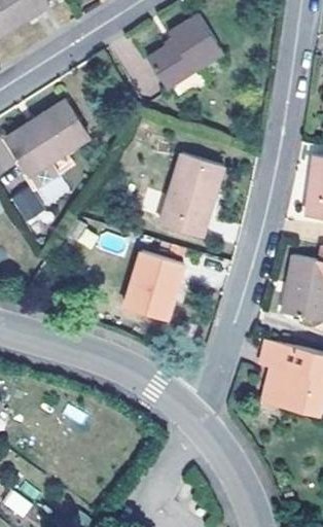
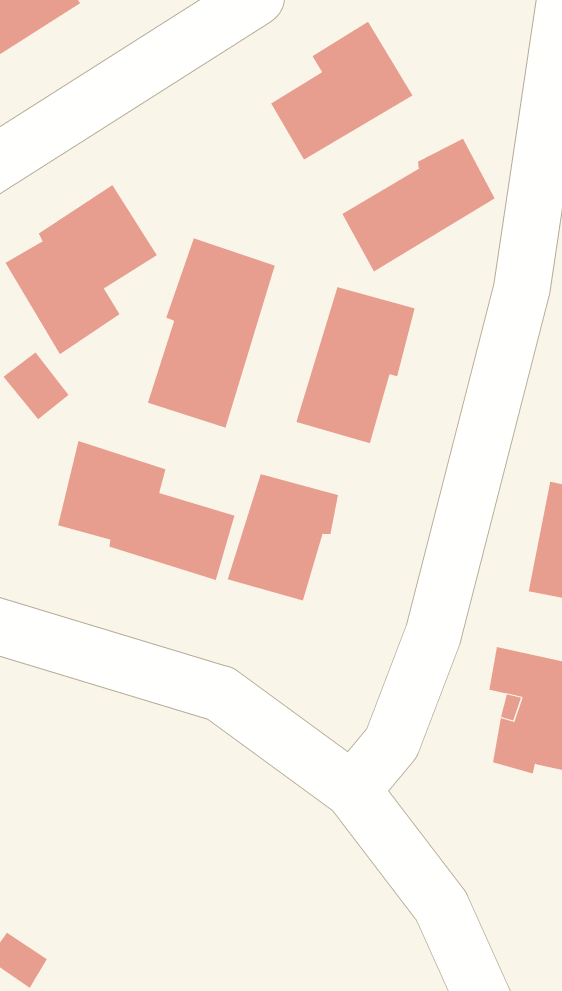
building: none -> [342,138,495,273]
building: none -> [147,237,275,429]
building: none -> [58,440,235,581]

